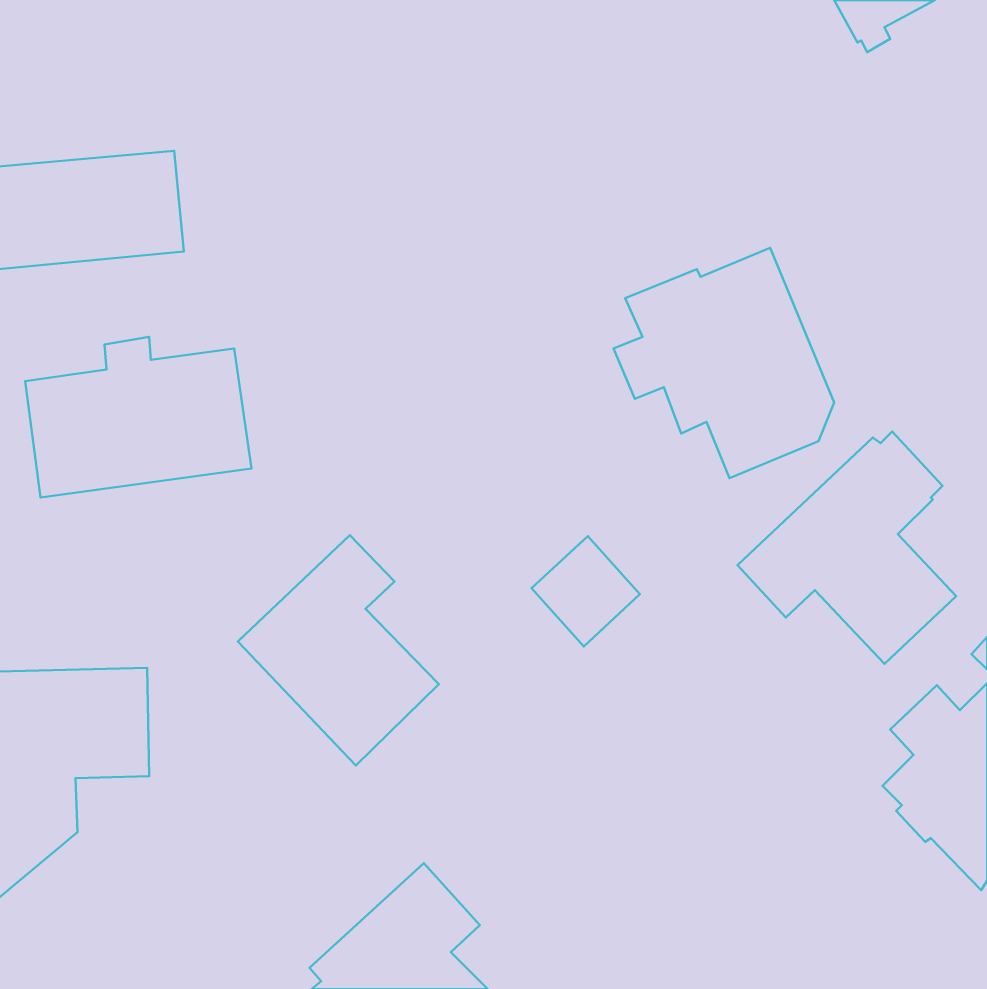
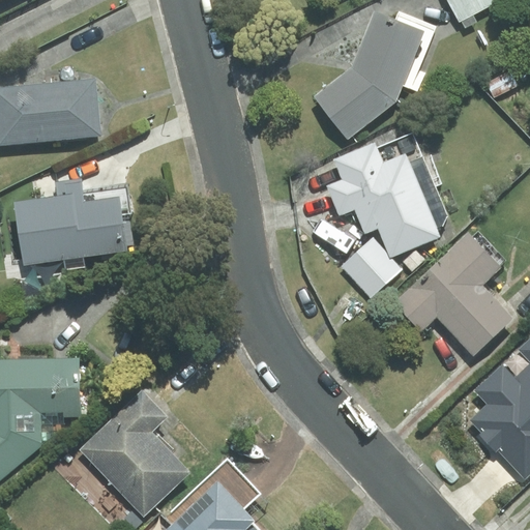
building: none -> [315,12,434,138]
building: [238,535,439,765] -> [80,392,187,516]
building: [532,536,640,646] -> [342,238,400,297]

